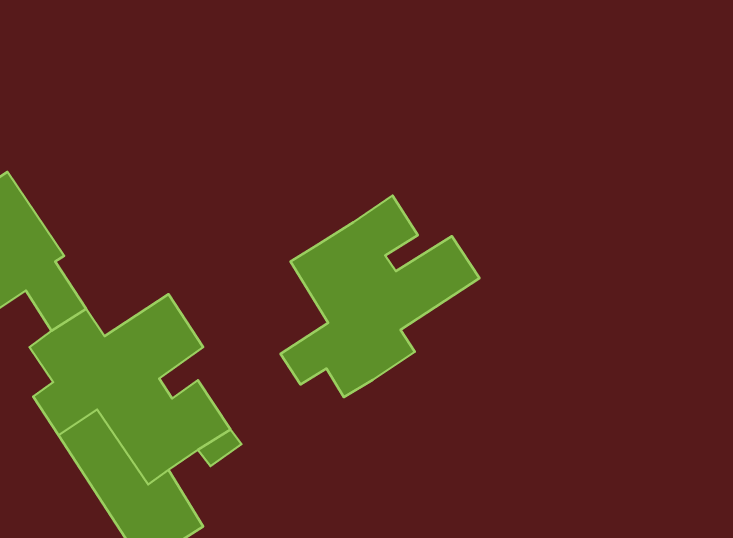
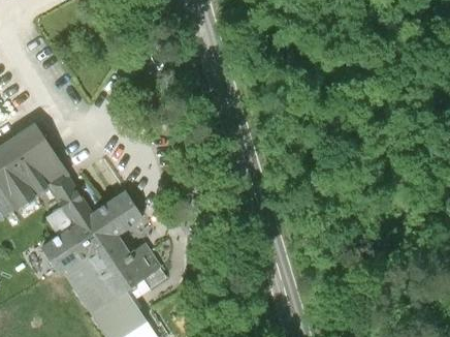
building: [281,195,479,397] -> none

